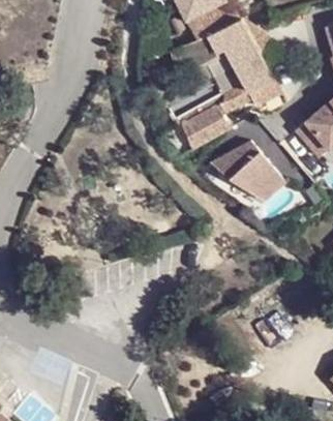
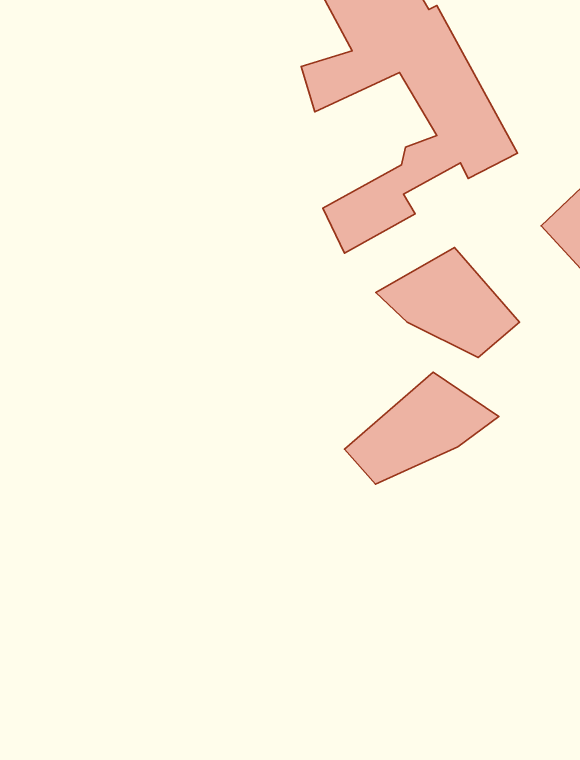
building: none -> [345,372,499,484]

